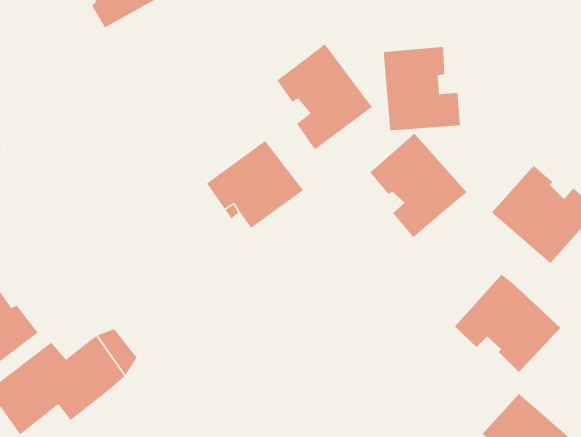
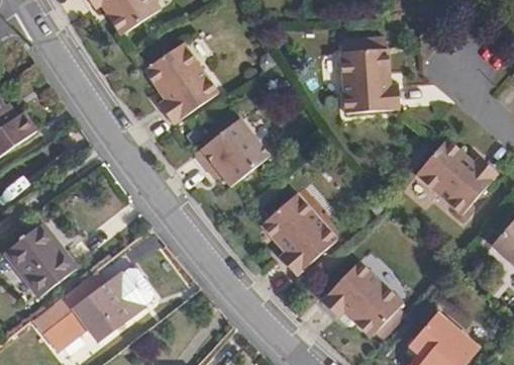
building: [276,44,373,150] -> [144,40,218,122]
building: [370,133,467,238] -> [262,194,336,275]
building: [454,274,561,373] -> [319,261,401,337]

